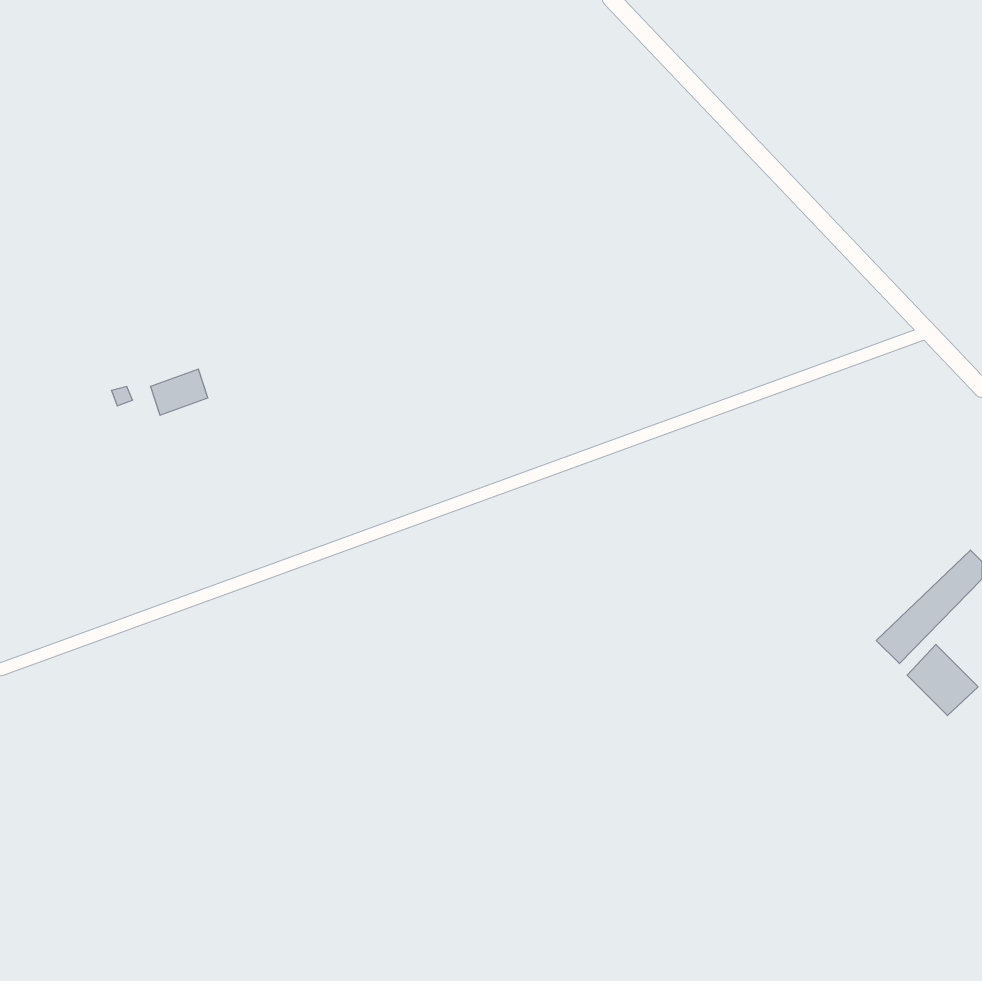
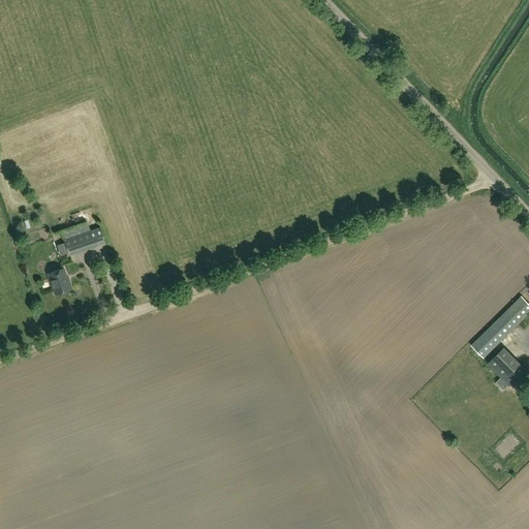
building: [150,369,208,415] -> [64,229,95,254]
building: none -> [48,267,71,293]

